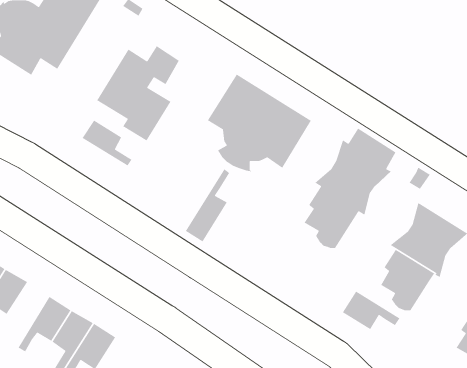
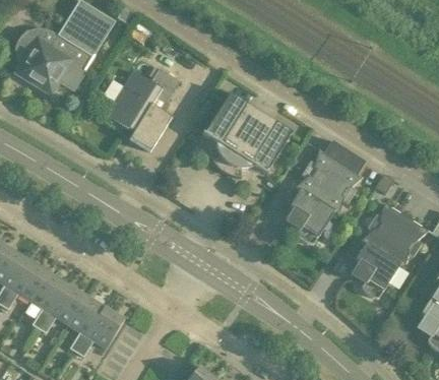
building: [82,120,132,166] -> none
building: [185,168,230,242] -> none
building: none -> [29,272,66,329]
building: [342,290,400,330] -> none

